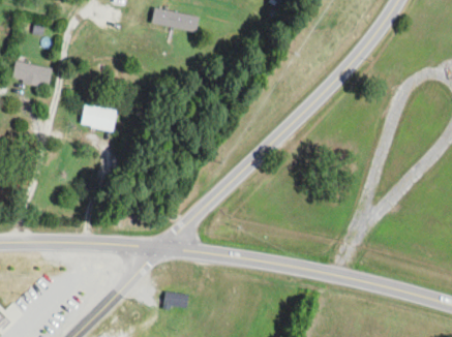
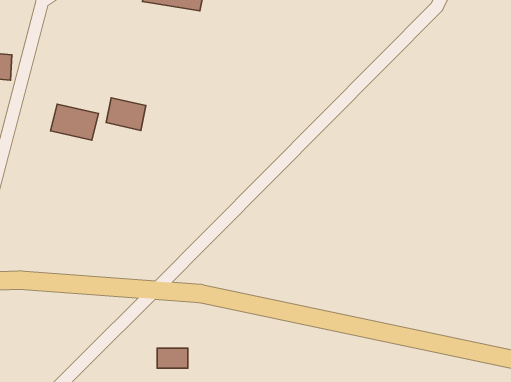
building: none -> [106,98,146,130]

